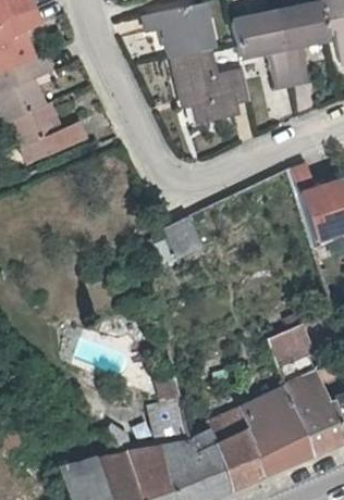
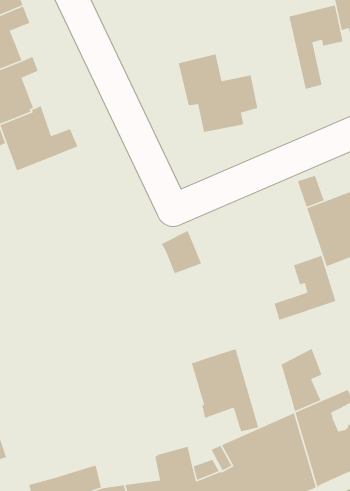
building: [147,8,216,62] -> none
building: [236,17,296,90] -> none
building: none -> [274,255,336,321]
building: none -> [191,348,259,432]

